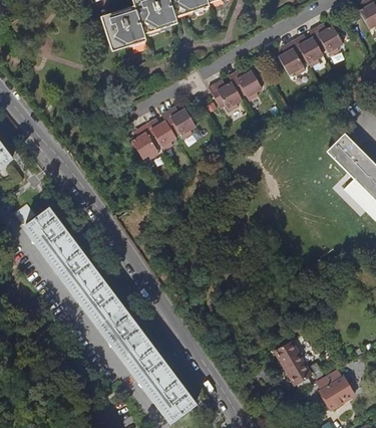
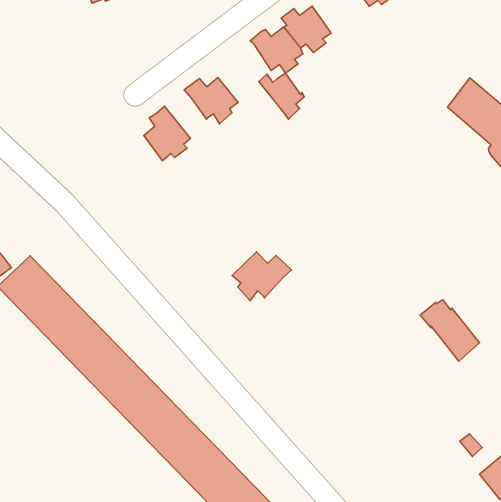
building: [148,120,176,151] -> [259,73,304,119]
building: none -> [232,252,291,301]
building: [276,344,312,385] -> [420,300,480,361]

